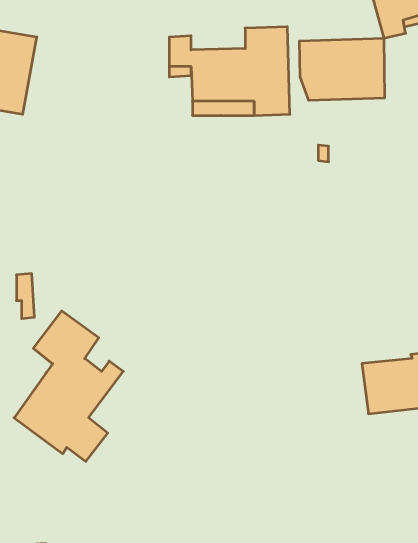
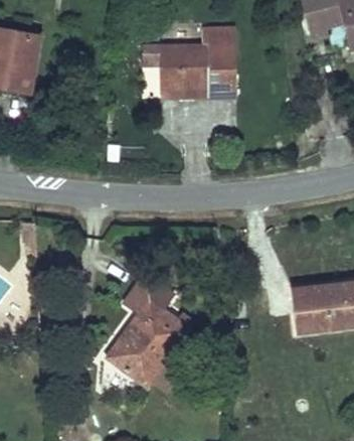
building: [300,38,384,100] -> none
building: [14,311,123,461] -> [109,273,194,391]

